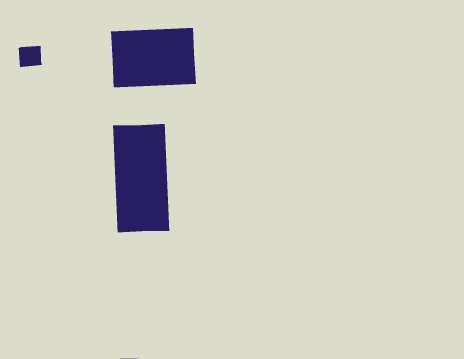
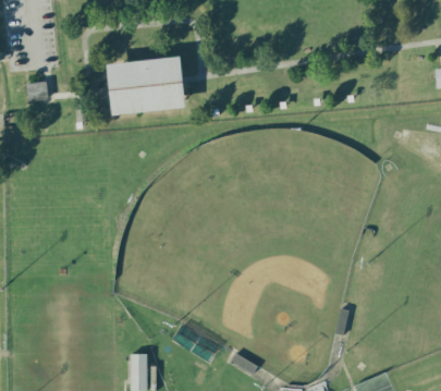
building: [113,123,170,233] -> none

